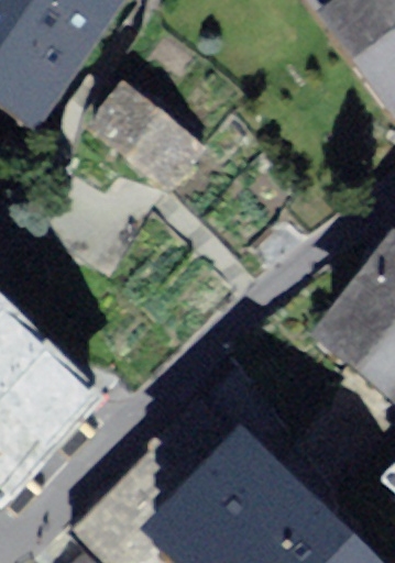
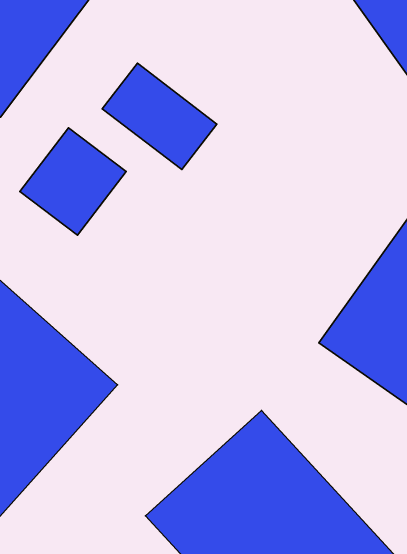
building: none -> [20,128,126,235]

